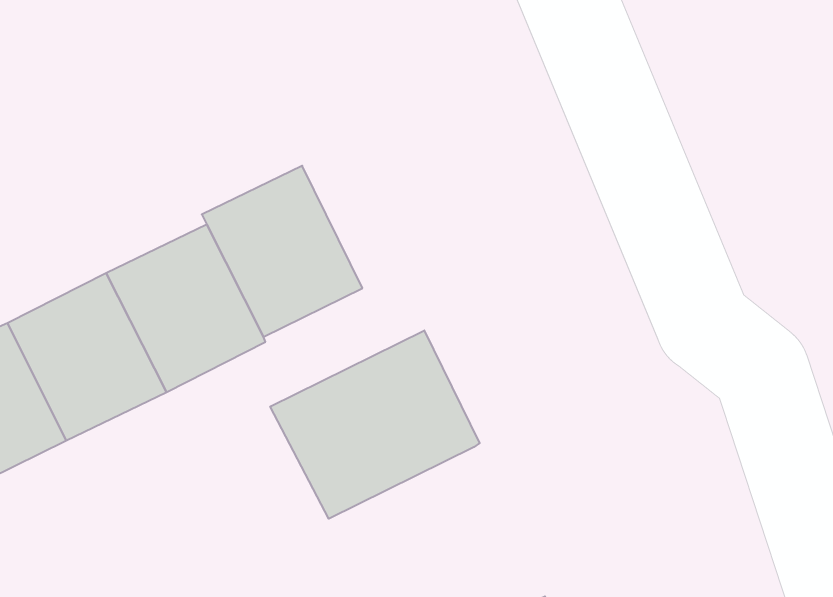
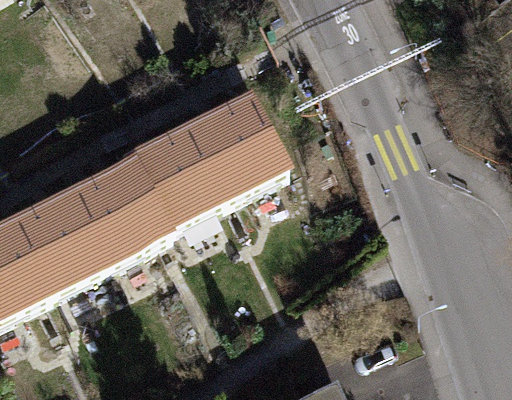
building: none -> [188,98,288,203]
building: [270,330,480,519] -> none

